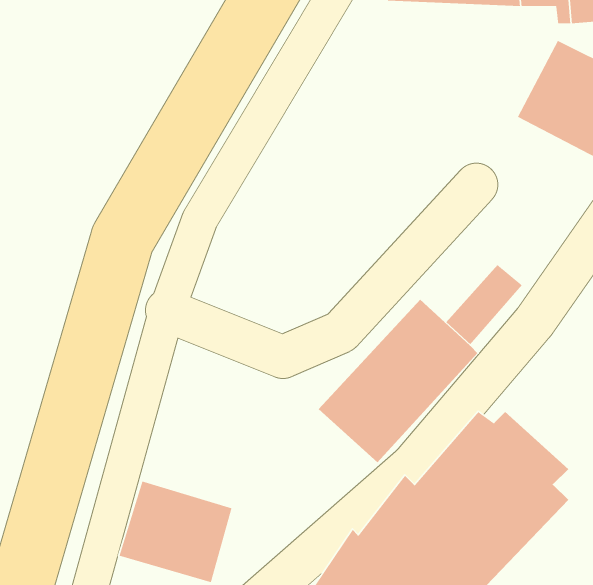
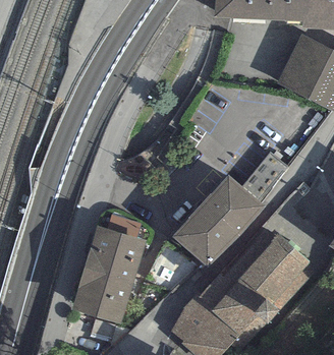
building: none -> [84,216,145,284]

